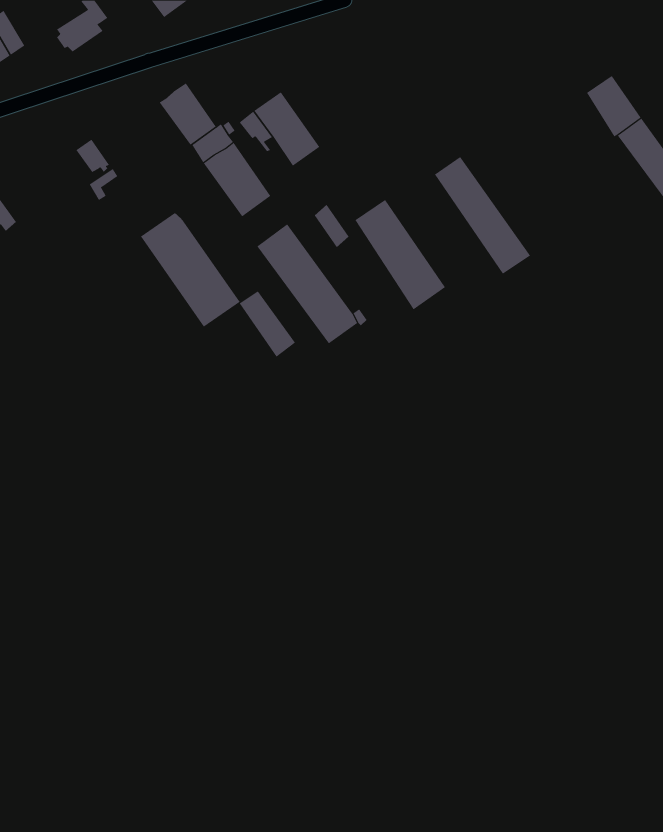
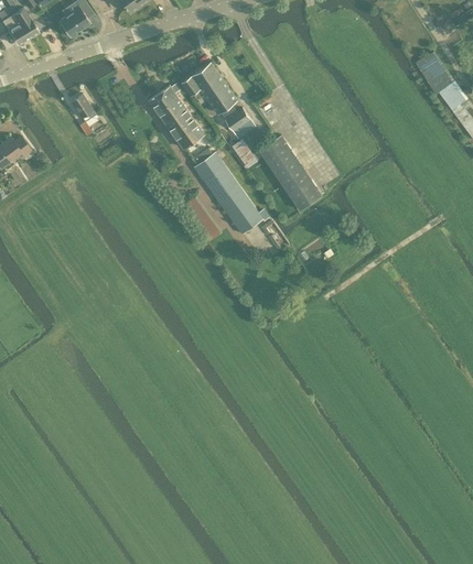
building: [159,82,217,145] -> none
building: [434,156,531,275] -> none
building: none -> [226,108,255,139]
building: [140,212,241,328] -> none

